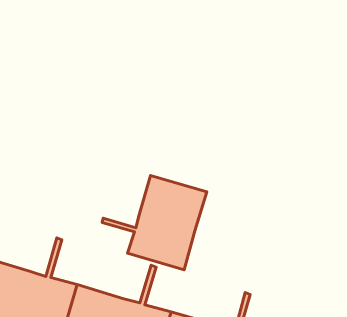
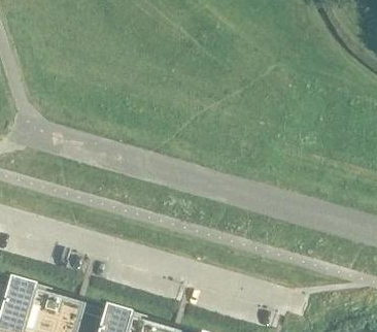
building: [102,175,207,270] -> none

